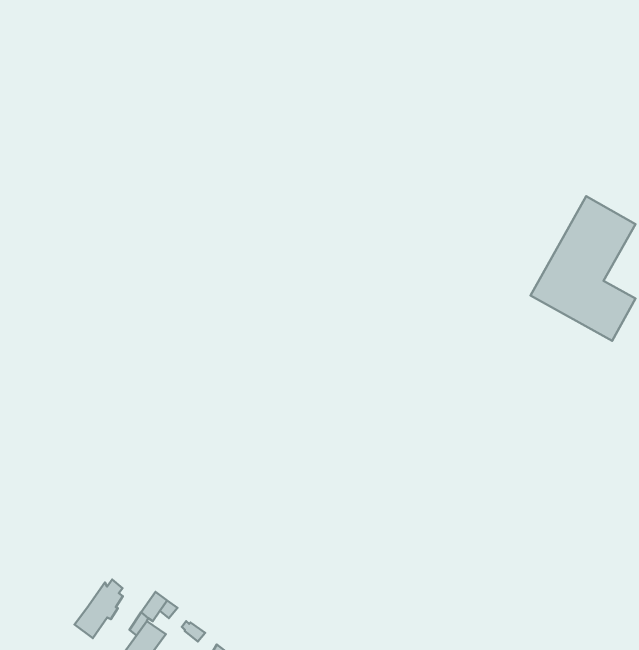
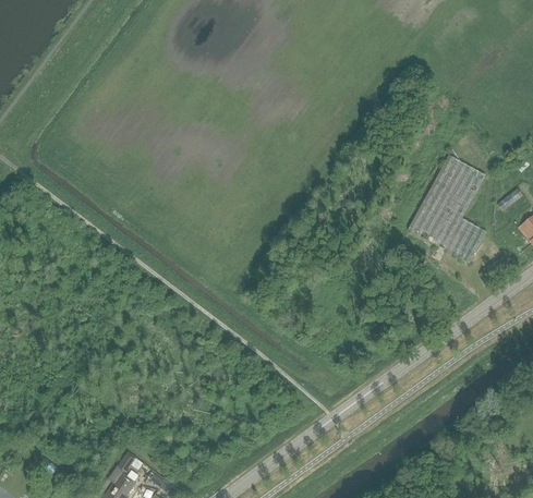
building: [75,579,123,638] -> none

